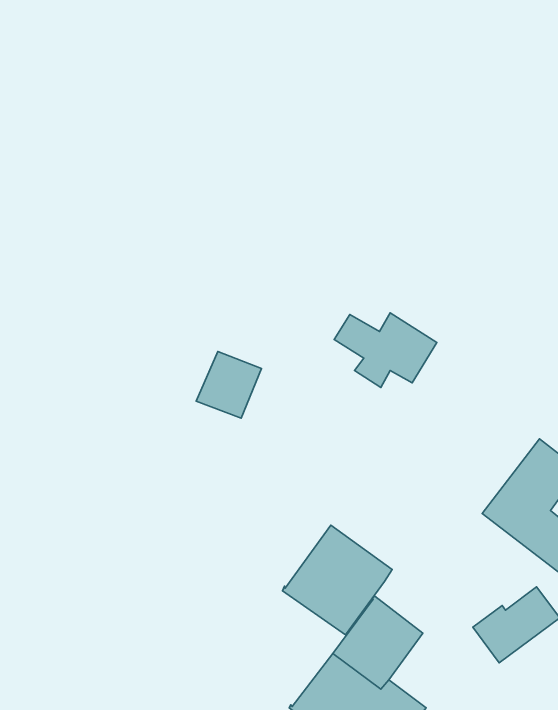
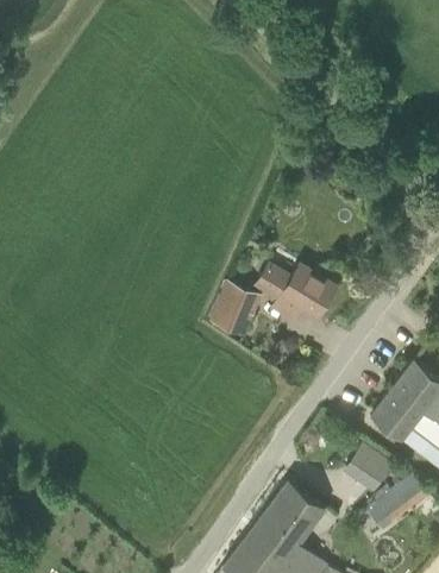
building: [196,351,261,418] -> [211,283,261,334]
building: [282,525,392,635] -> none
building: none -> [345,442,394,490]

